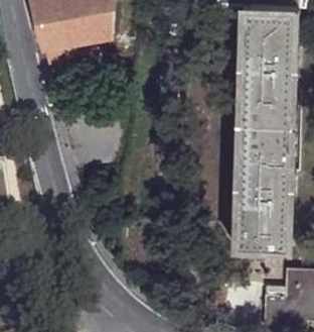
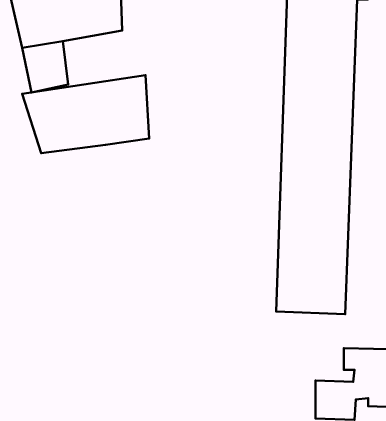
building: none -> [22,75,149,153]

